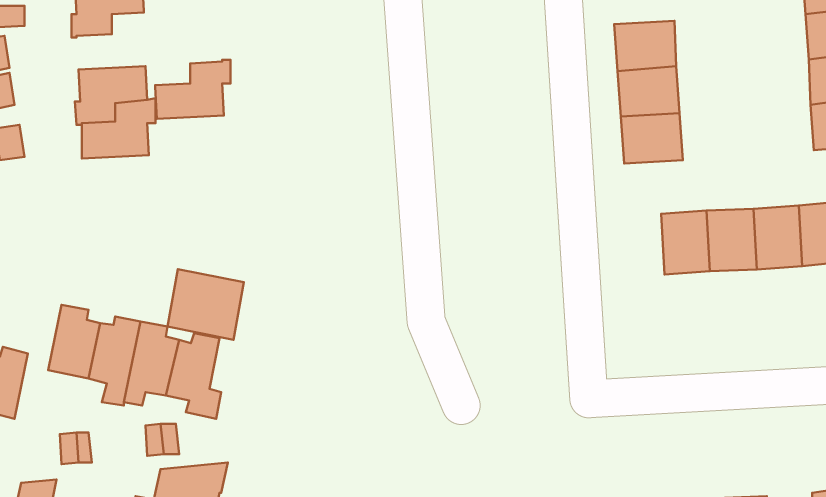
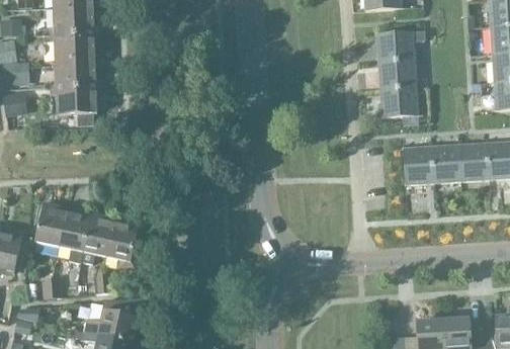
building: [155,60,231,119] -> [53,25,98,61]
building: [167,269,244,340] -> none

